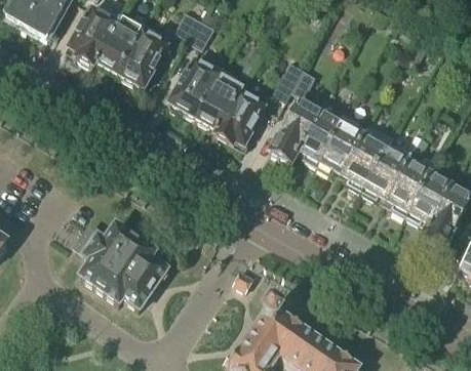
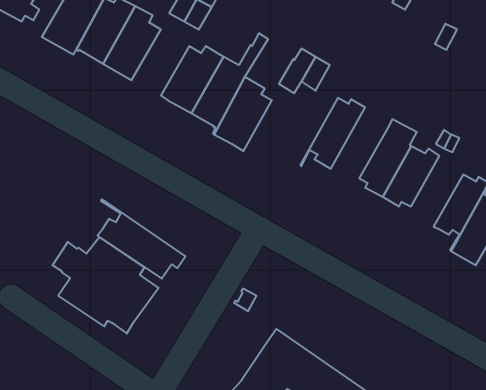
building: [269,100,323,165] -> none
building: [317,112,367,173] -> none
building: [387,153,436,215] -> none
building: none -> [97,199,185,279]

